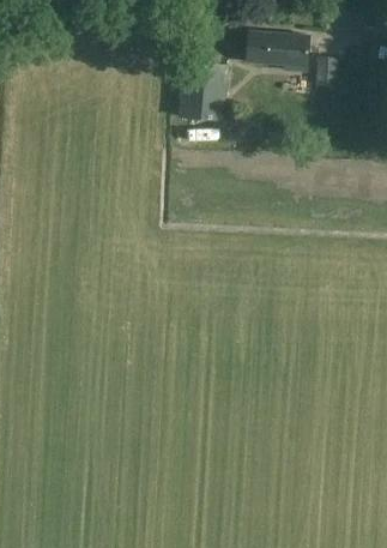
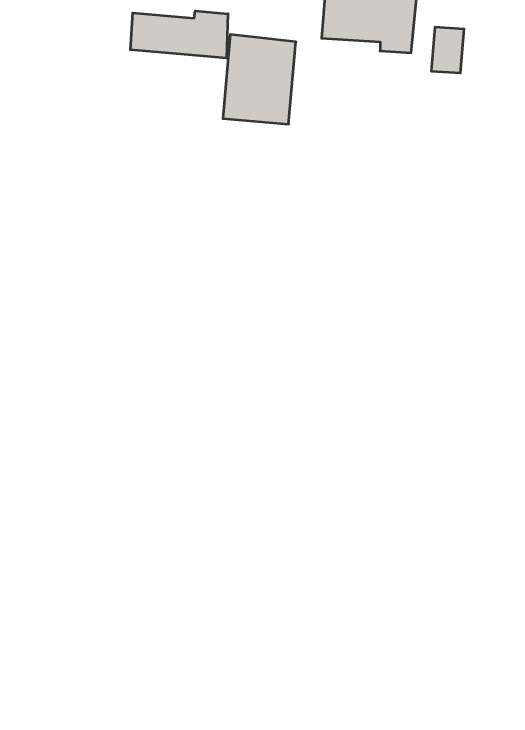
building: none -> [130,11,228,58]

